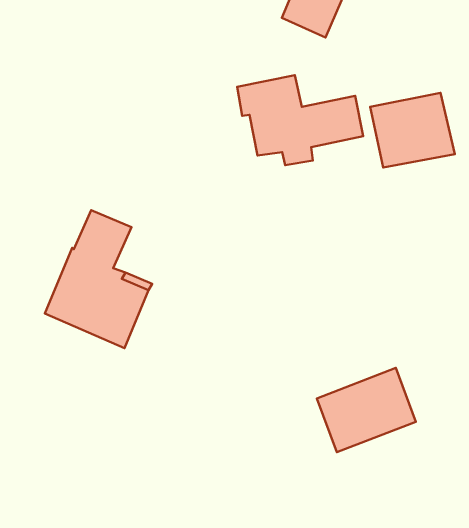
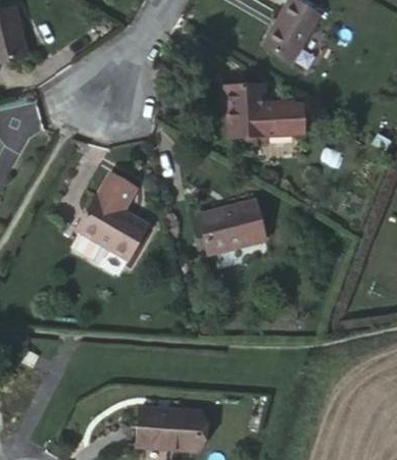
building: [370,93,455,167] -> none
building: [317,368,416,452] -> [196,201,262,254]

